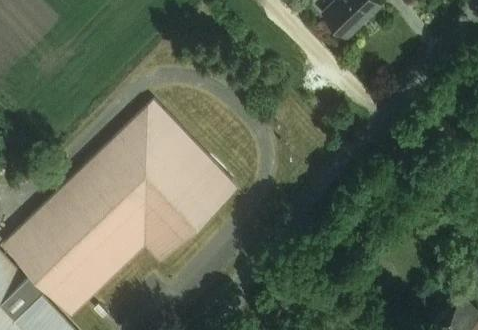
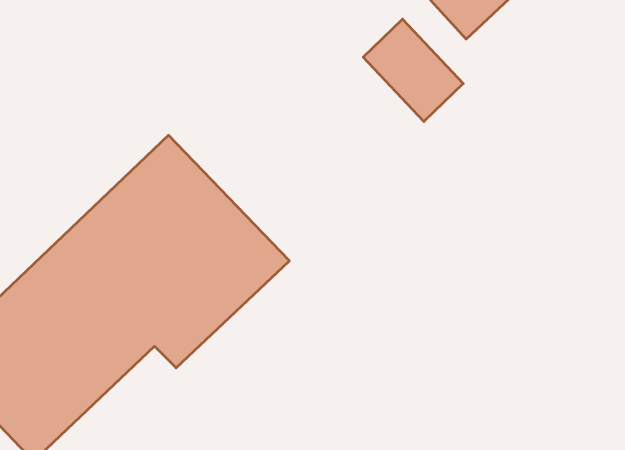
building: none -> [363,19,463,122]

